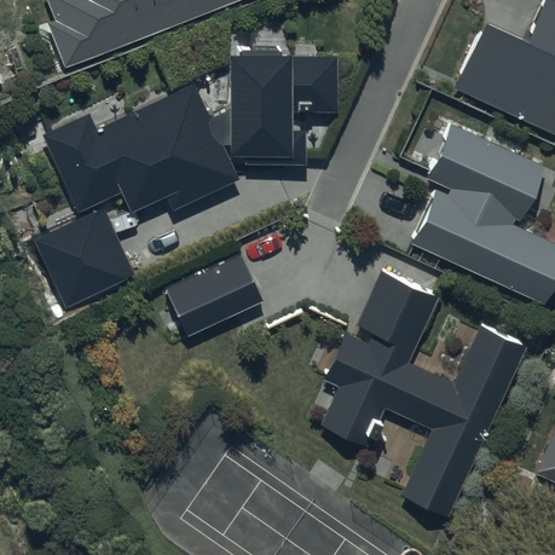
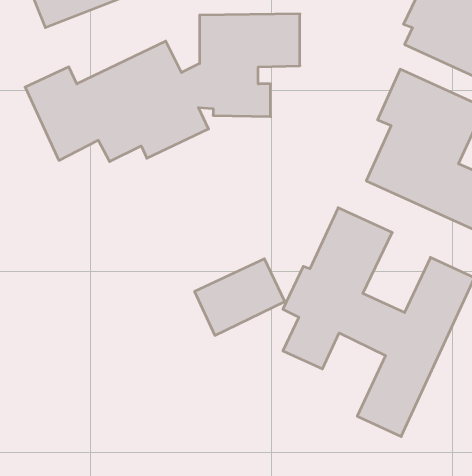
building: [36,212,138,310] -> none
building: [163,247,260,329] -> [195,259,285,335]

